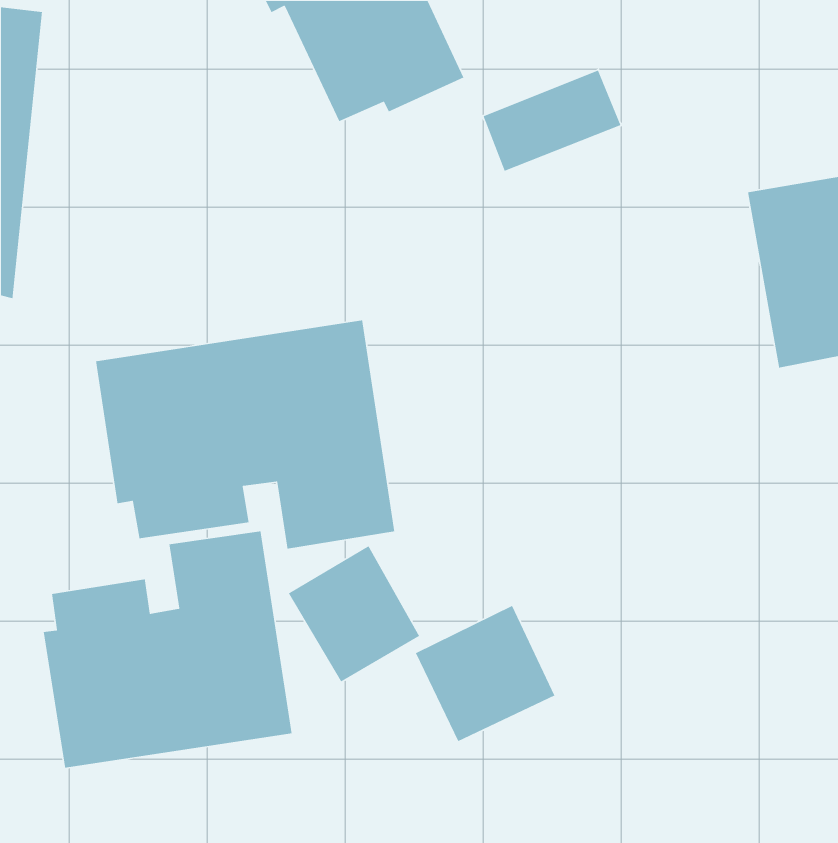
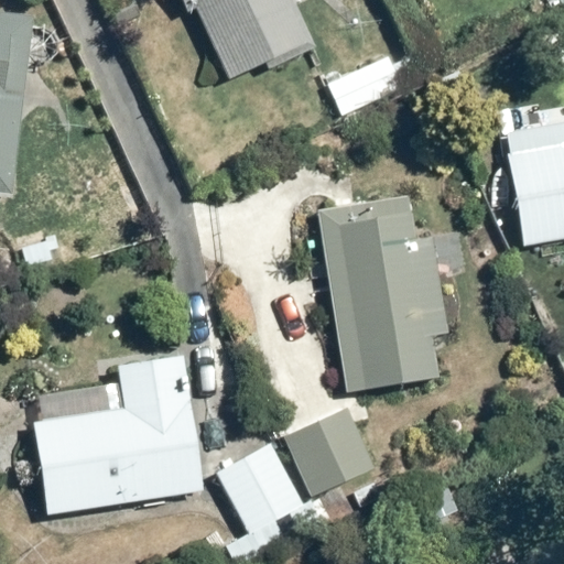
building: none -> [317,194,448,392]
building: [95,320,395,549] -> none
building: [288,545,420,683] -> [216,443,304,534]

